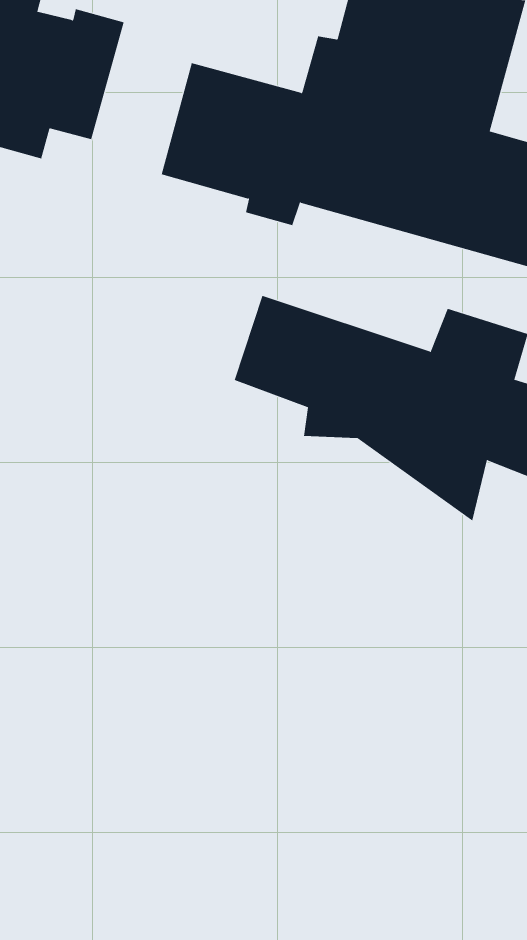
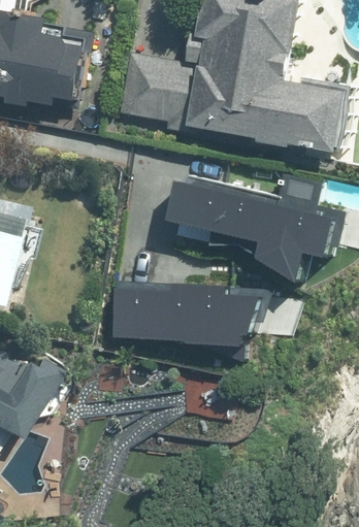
building: none -> [105,278,270,364]

